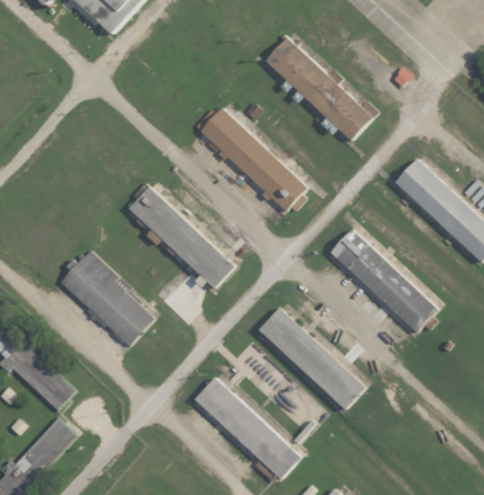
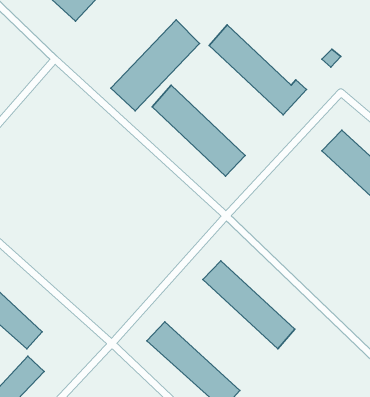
building: none -> [111,20,199,111]
building: [127,187,233,288] -> none
building: [329,228,436,332] -> none
building: [58,250,157,346] -> none

